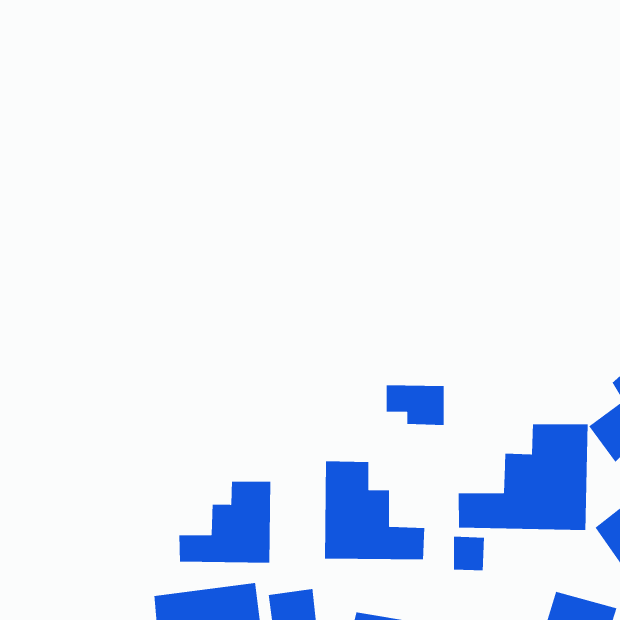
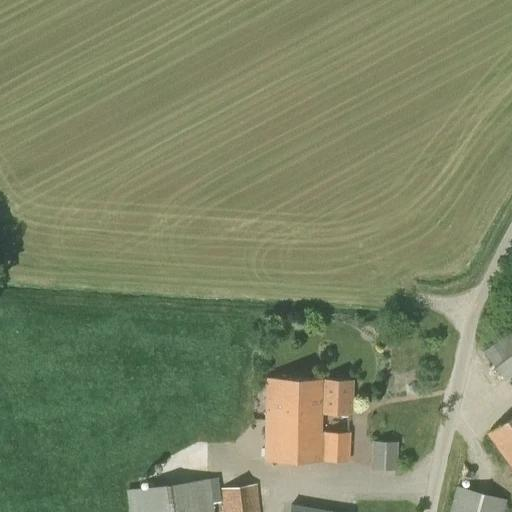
building: [386,384,444,426] -> [305,381,353,415]
building: [458,423,588,531] -> none
building: [179,481,271,563] -> none

